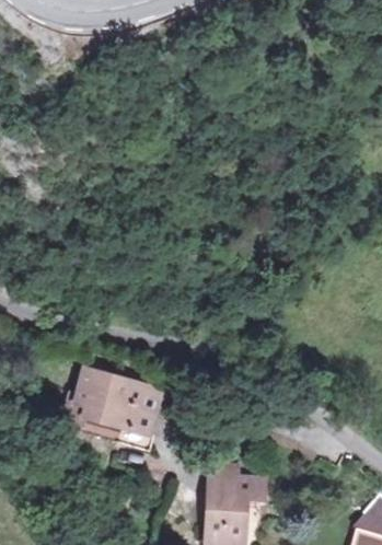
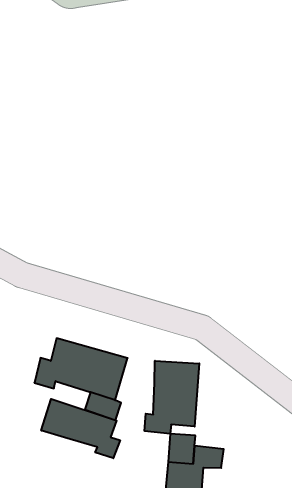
building: none -> [145,361,199,434]
building: none -> [41,399,120,458]

